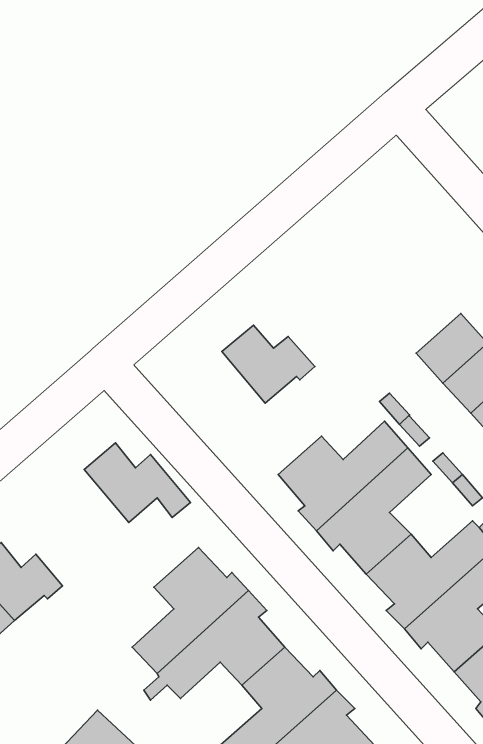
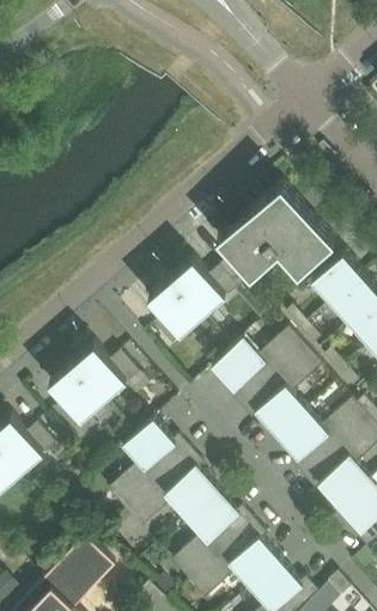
building: none -> [217,187,335,281]
building: none -> [148,282,202,350]
building: none -> [49,367,104,435]

